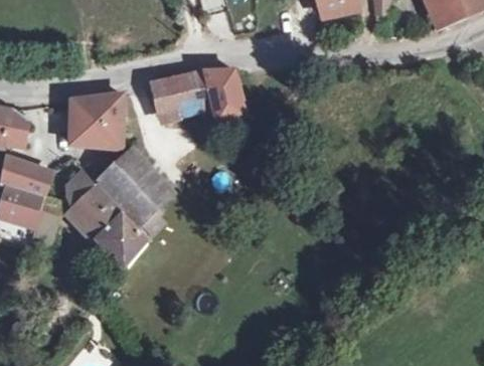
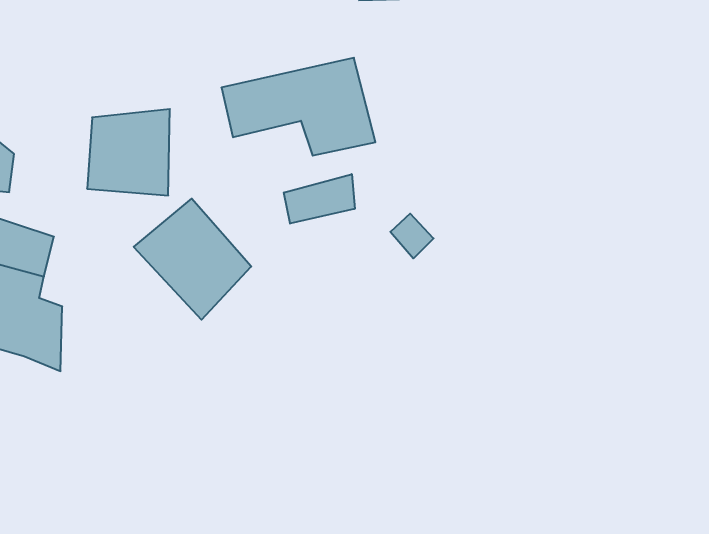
building: none -> [284,174,355,224]
building: [66,171,145,268] -> none

